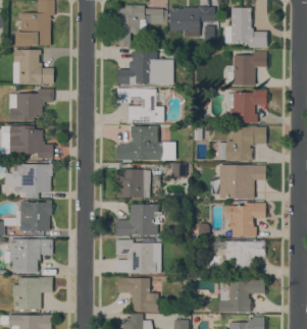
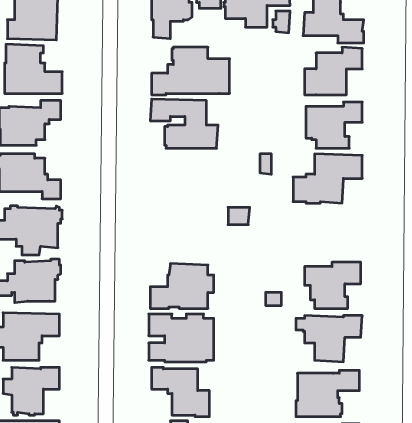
building: [116,125,162,162] -> none
building: [219,165,265,199] -> none
building: [116,169,150,198] -> none

